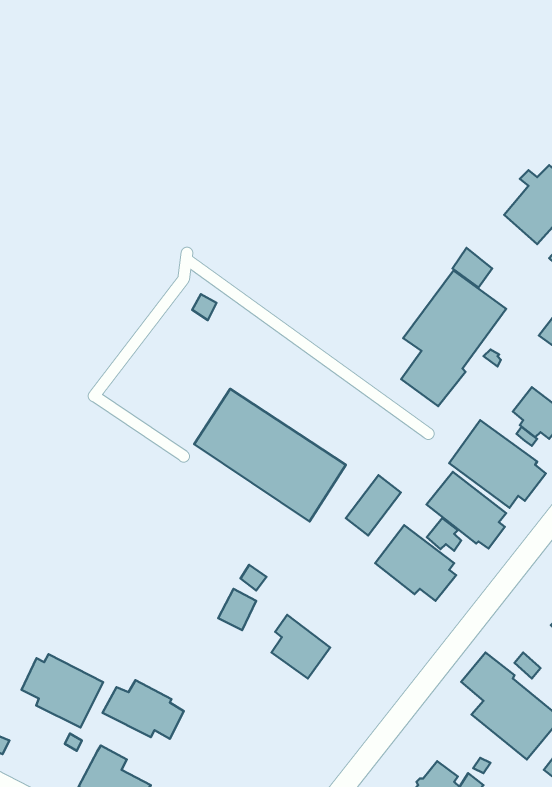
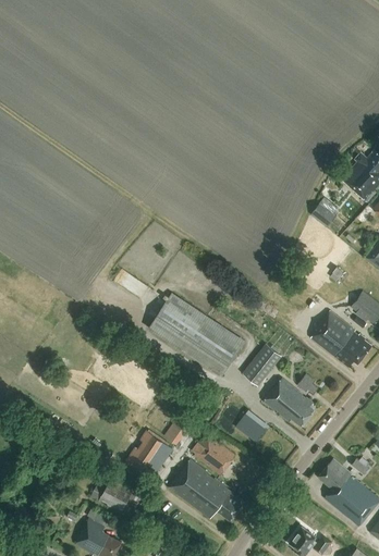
building: [401,271,506,406] -> none
building: [427,472,506,548] -> none
building: none -> [235,407,270,441]
building: none -> [125,430,173,473]
building: [21,654,103,727] -> none
building: none -> [170,460,245,520]

